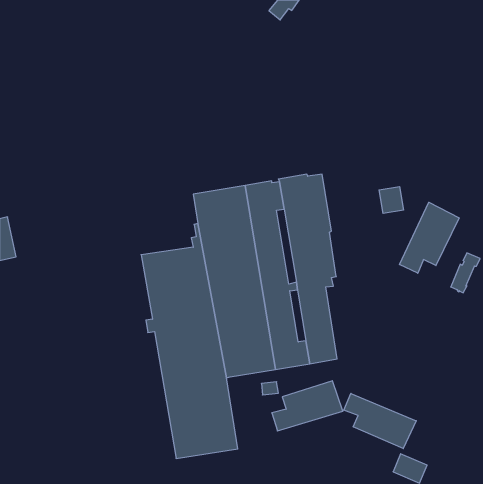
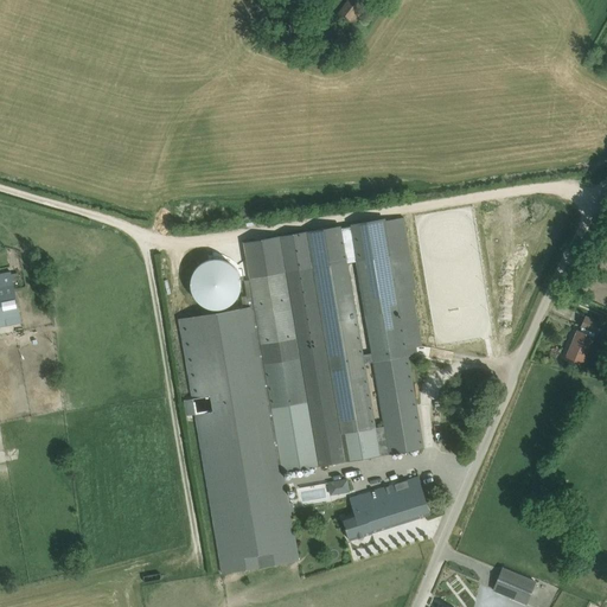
building: [379,187,403,213] -> none
building: [400,202,459,273] -> none
building: none -> [190,258,239,309]
building: [344,393,416,449] -> none

